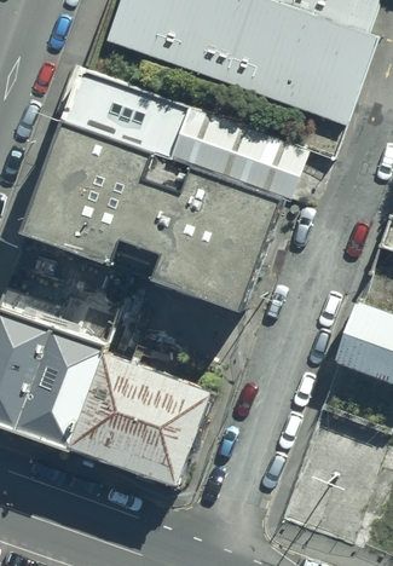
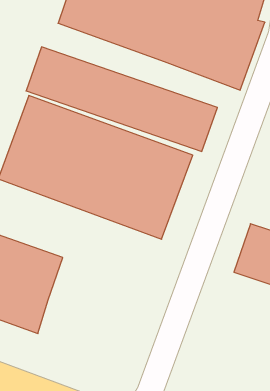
building: [70,346,208,483] -> none

